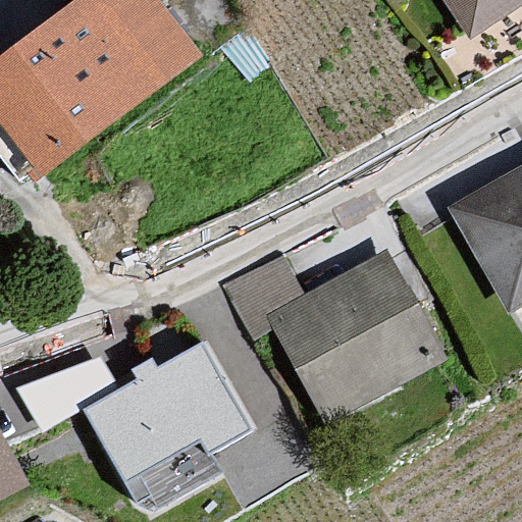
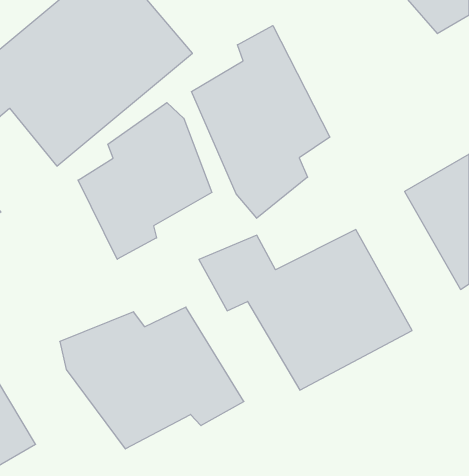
building: none -> [191,26,330,218]
building: none -> [78,103,212,259]

